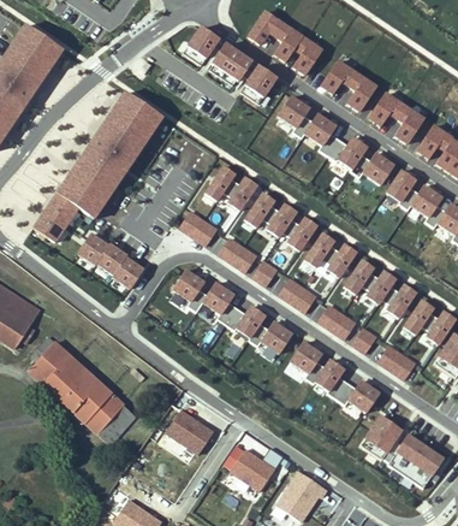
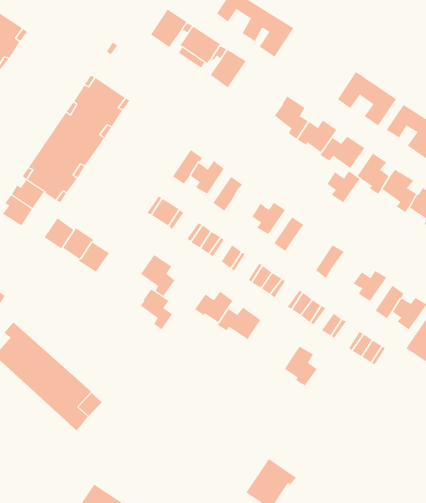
building: [319,58,377,111] -> none
building: [278,95,313,138] -> none
building: [262,205,296,237] -> none
building: [322,244,356,277] -> [326,170,361,203]
building: [362,271,395,303] -> none
building: [204,283,237,324] -> [140,289,173,330]
building: [289,341,325,384] -> none
building: [335,380,379,413] -> none
building: [165,409,213,455] -> none
building: [358,416,442,489] -> none
building: [230,447,284,491] -> none

